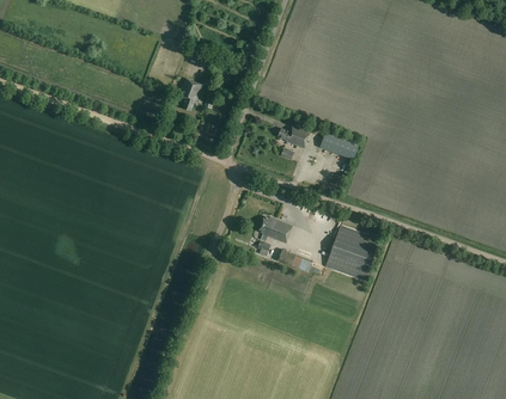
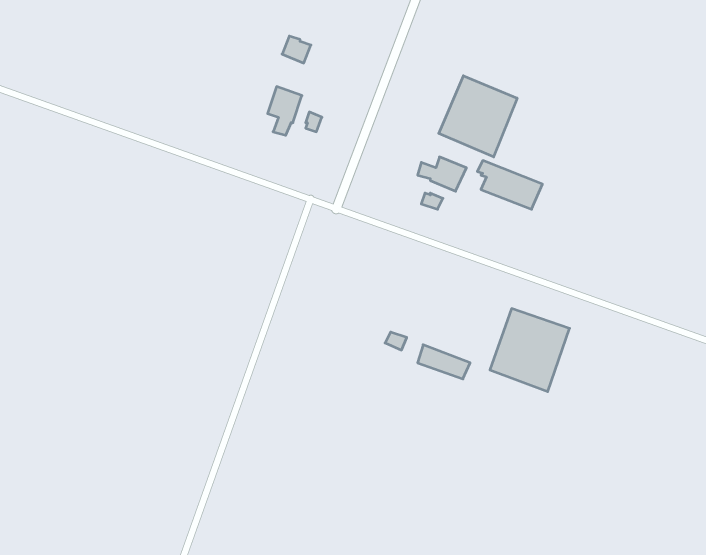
building: none -> [439,76,517,157]
building: [257,216,292,244] -> none

